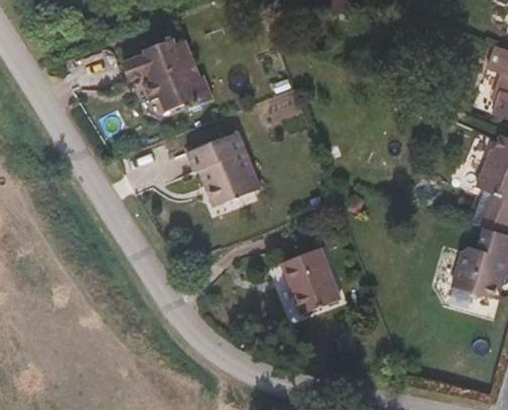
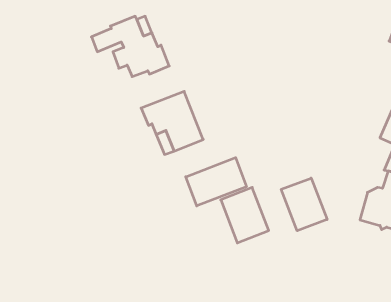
building: none -> [186,158,246,206]
building: none -> [281,178,327,231]

